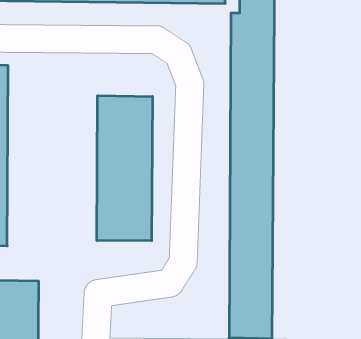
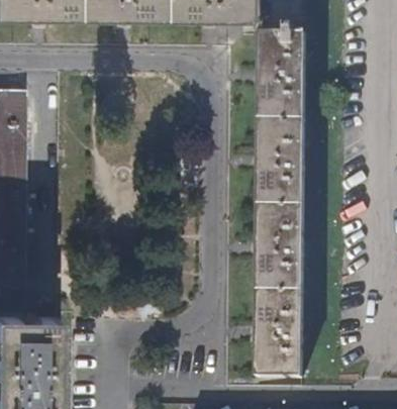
building: [97,96,152,241] -> none

